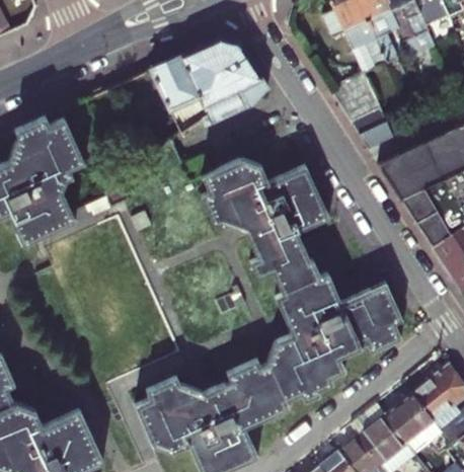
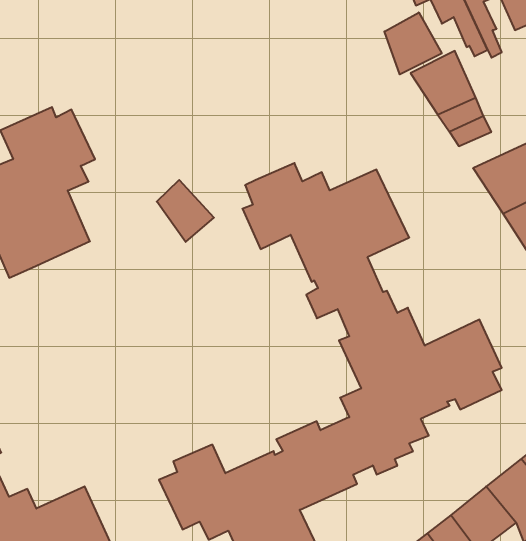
building: [152,38,269,132] -> none
building: none -> [384,12,442,74]
building: none -> [157,180,214,242]

